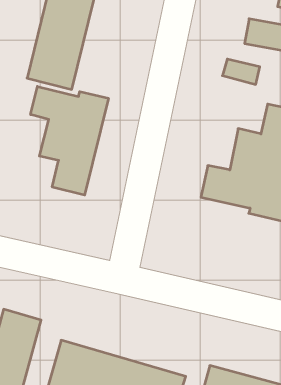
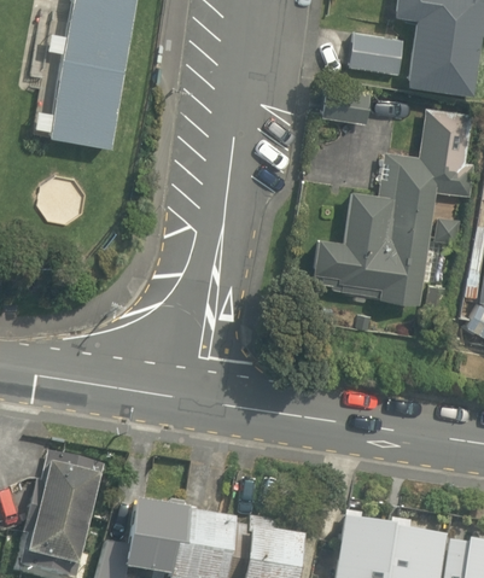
building: [31,86,108,195] -> none

